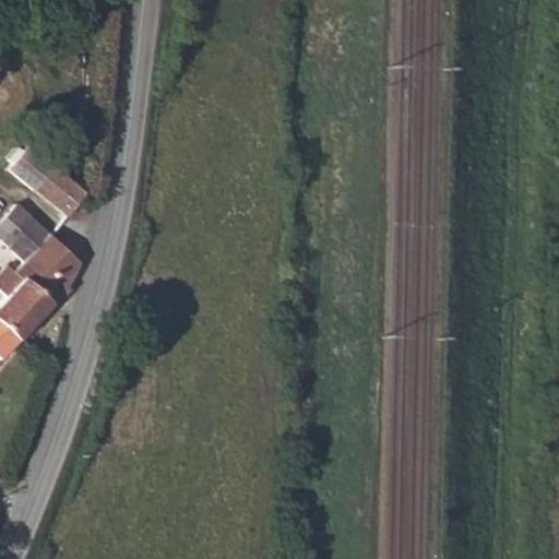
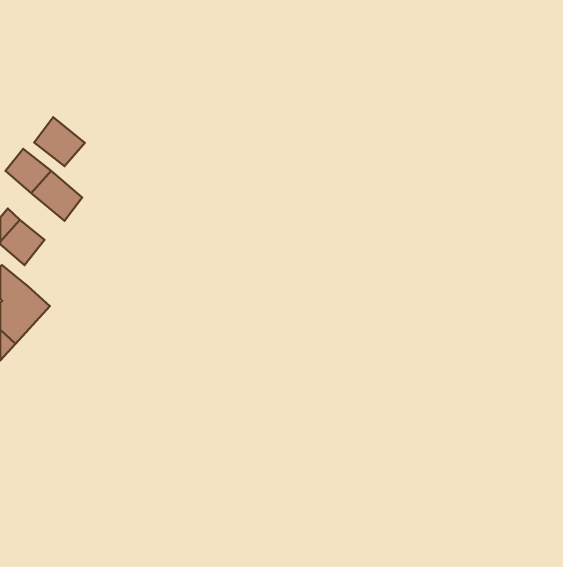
building: none -> [34,117,85,166]
building: [20,236,79,301] -> none

